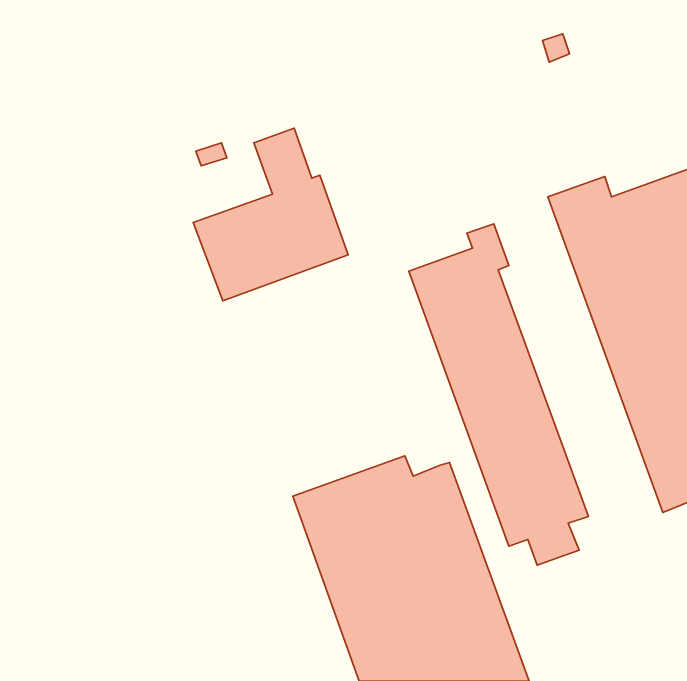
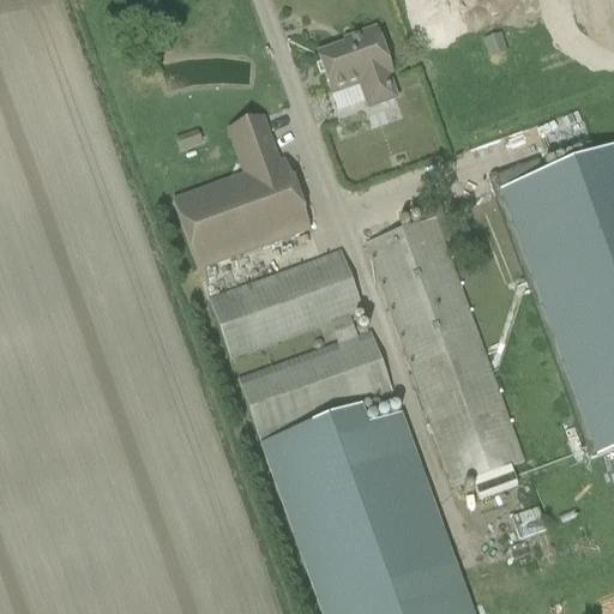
building: none -> [319,26,398,106]
building: none -> [209,247,395,440]

